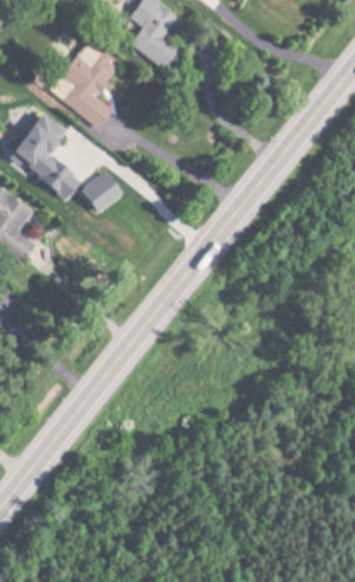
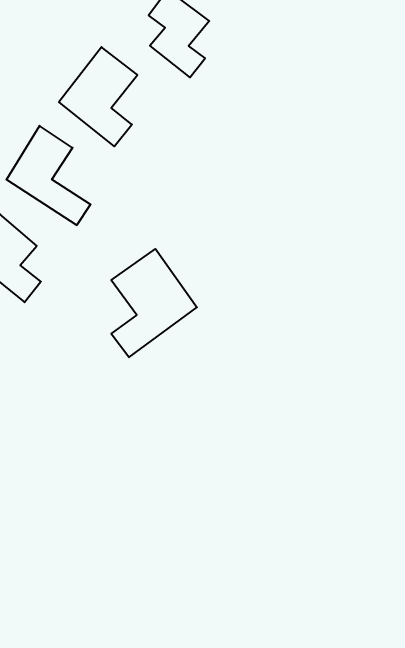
building: [80,173,122,213] -> none
building: none -> [111,249,197,357]

